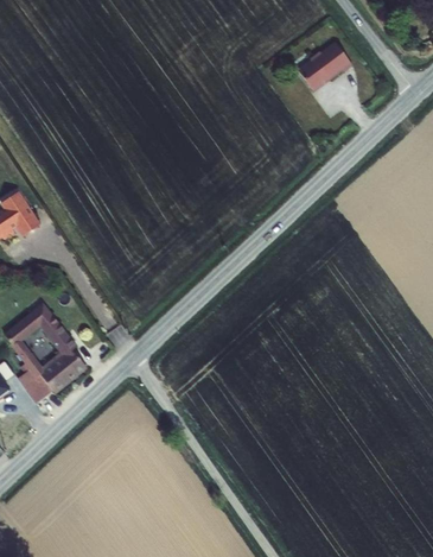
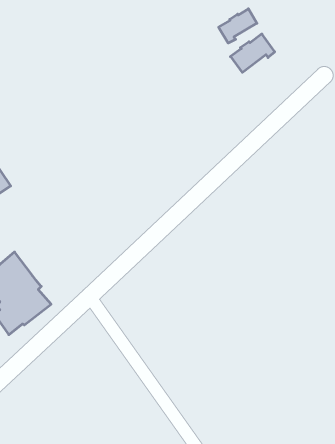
building: none -> [219,9,257,43]

